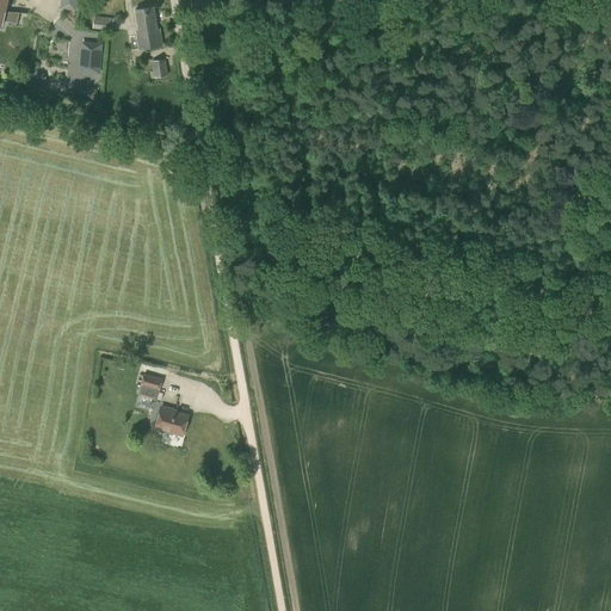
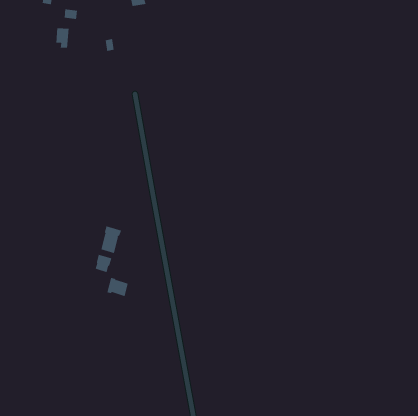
building: [135,5,162,47] -> none
building: none -> [101,225,122,254]

